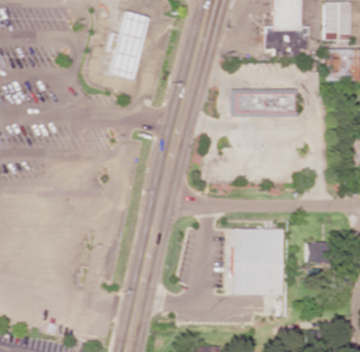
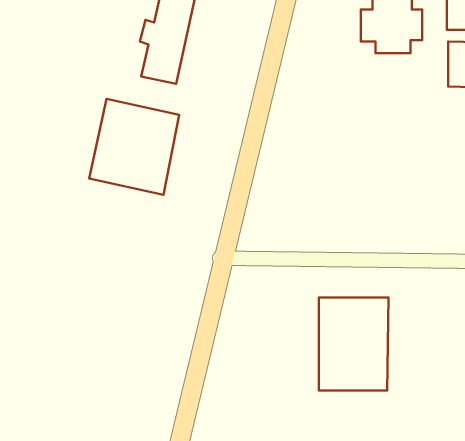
building: none -> [89,99,179,195]
building: [232,89,297,117] -> none
building: [307,241,331,262] -> none

